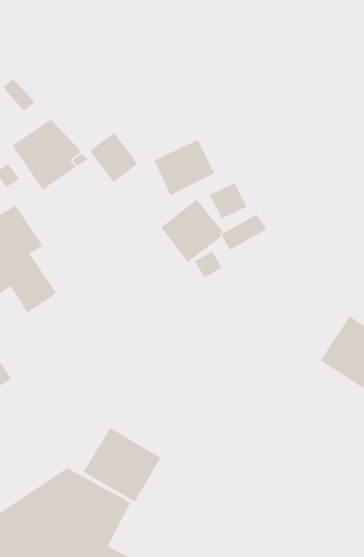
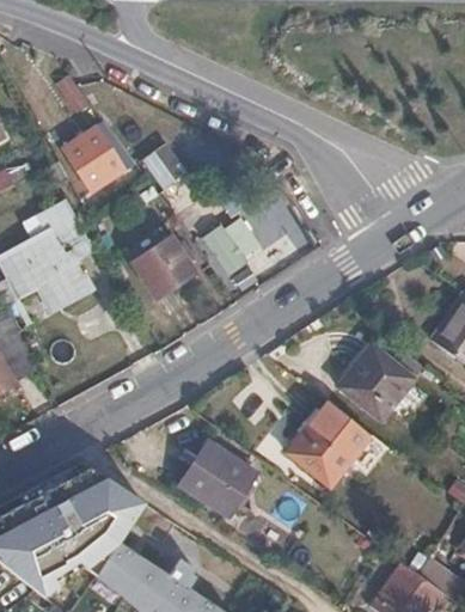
building: [153,139,215,196] -> none
building: none -> [131,237,195,299]
building: none -> [289,408,366,486]
building: [82,427,161,502] -> [179,440,257,515]

